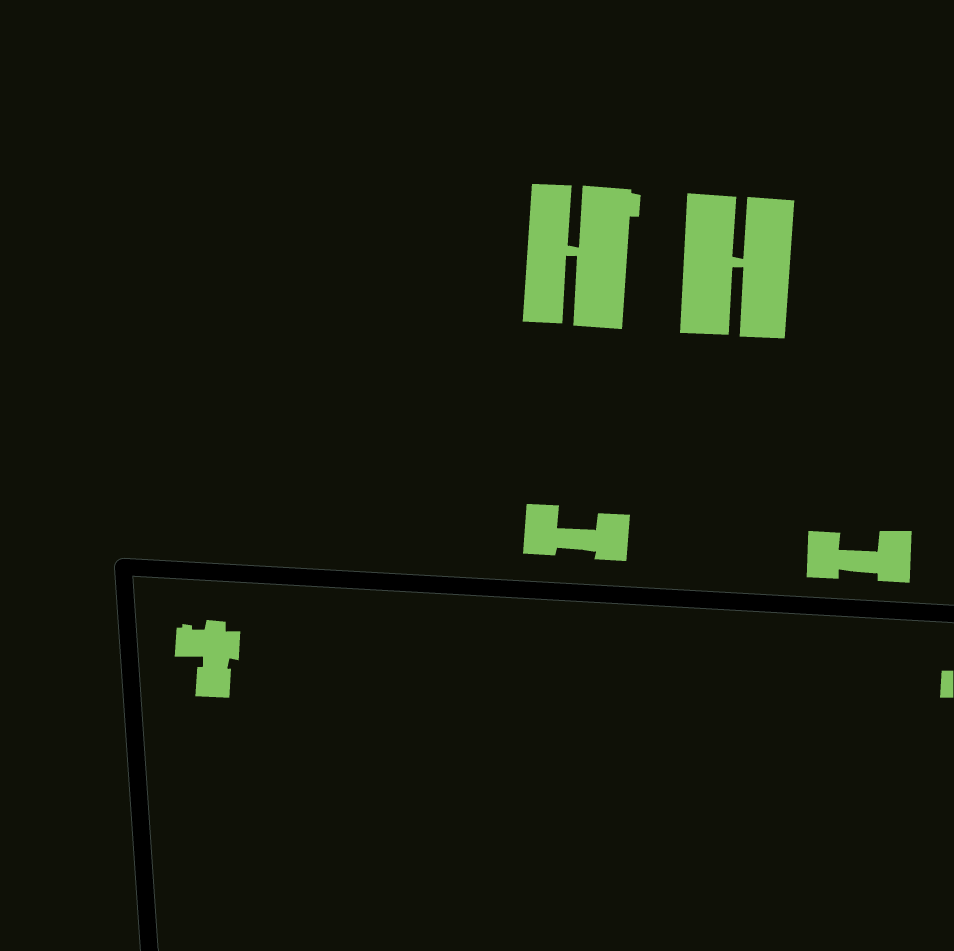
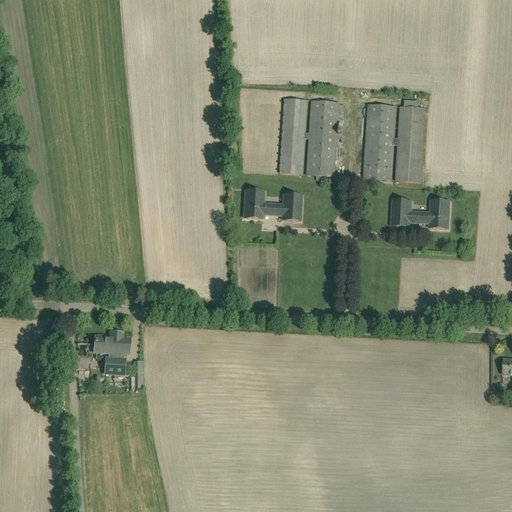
building: [522,503,631,561] -> [243,189,301,220]
building: [806,531,912,583] -> [391,200,448,228]

